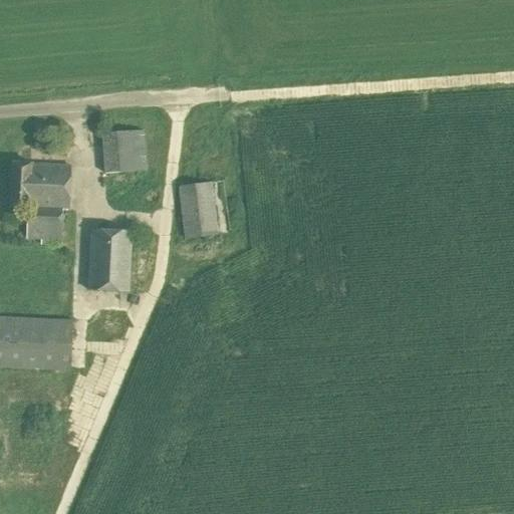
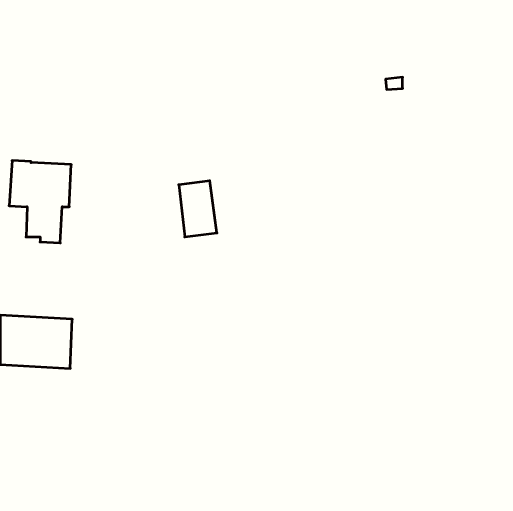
building: [102,130,146,172] -> none
building: [87,228,132,290] -> none

